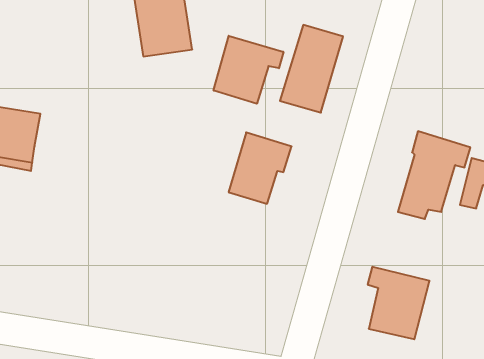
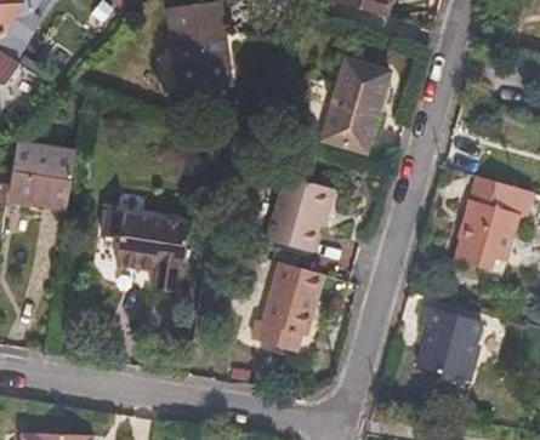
building: [214,36,283,104] -> none
building: none -> [104,206,189,290]
building: none -> [252,261,326,349]

